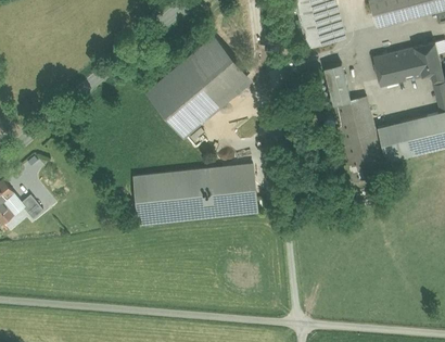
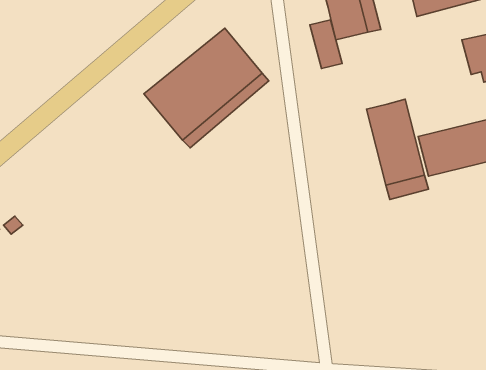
building: [372,46,421,86] -> none
building: [323,63,351,104] -> [310,20,342,69]
building: [134,163,256,223] -> none

